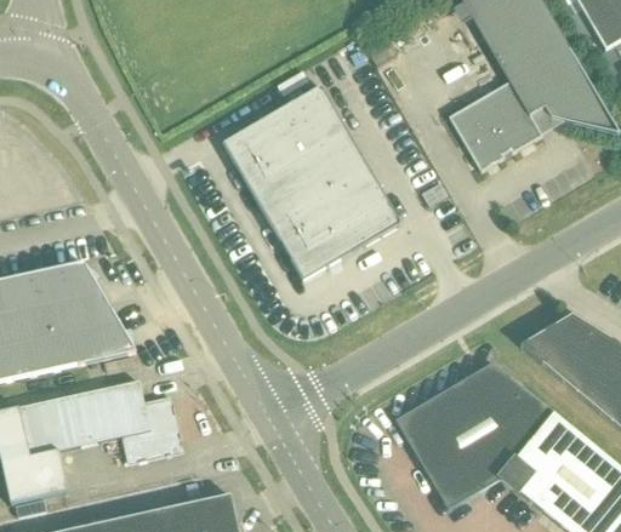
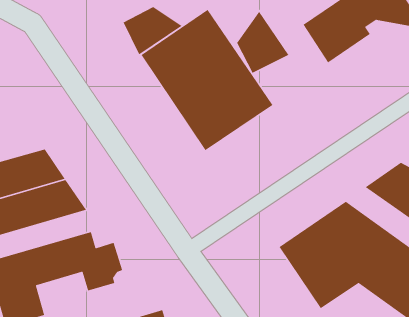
building: none -> [123,6,183,56]
building: none -> [236,10,289,74]

